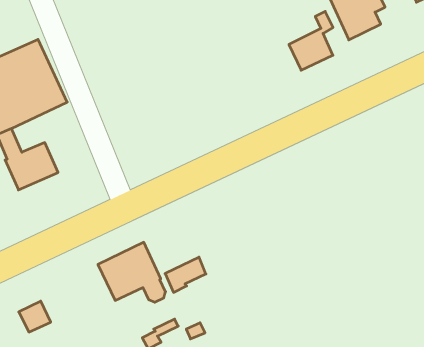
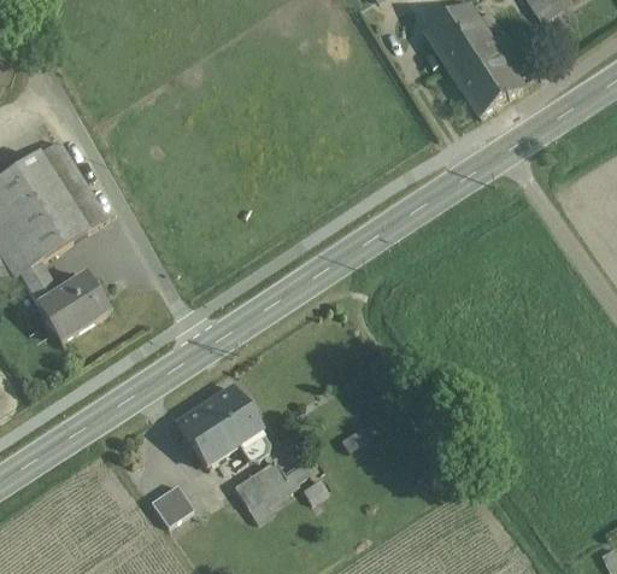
building: [289,11,333,70] -> [460,34,519,115]
building: [165,257,206,292] -> [233,457,286,508]
building: [19,301,51,332] -> [149,482,193,525]

